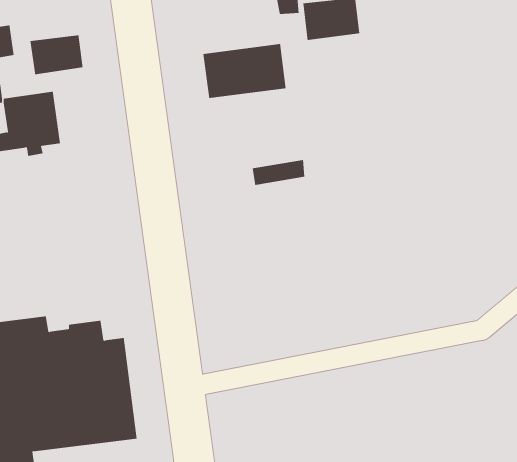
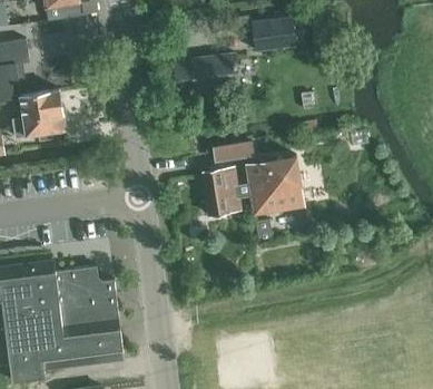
building: [30,35,83,75] -> none
building: none -> [201,156,304,216]

